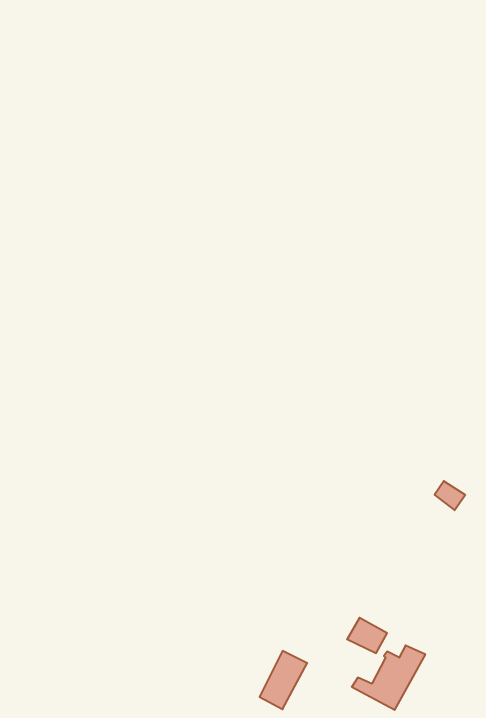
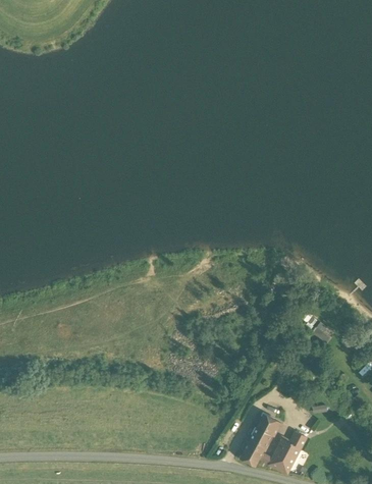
building: [260,651,307,709] -> [240,427,271,466]

